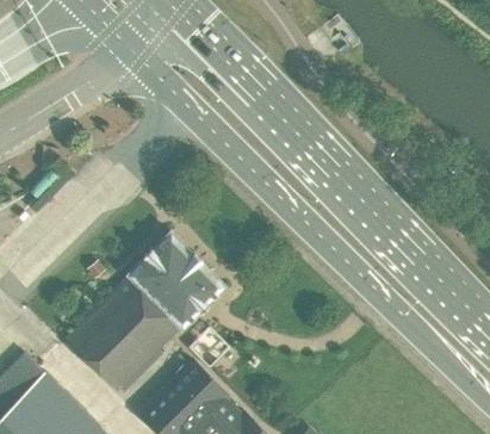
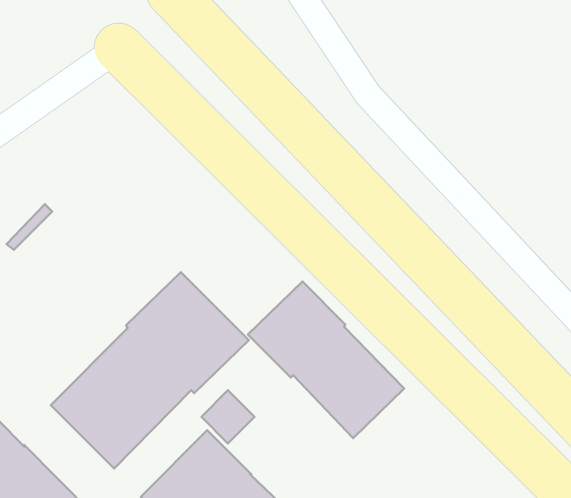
building: none -> [248,282,404,438]

